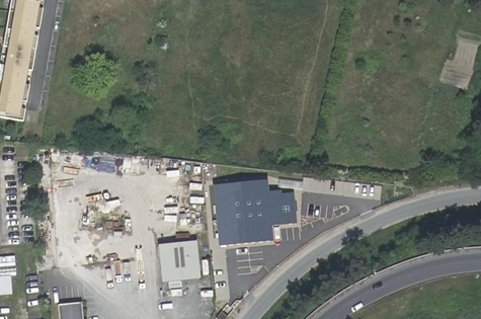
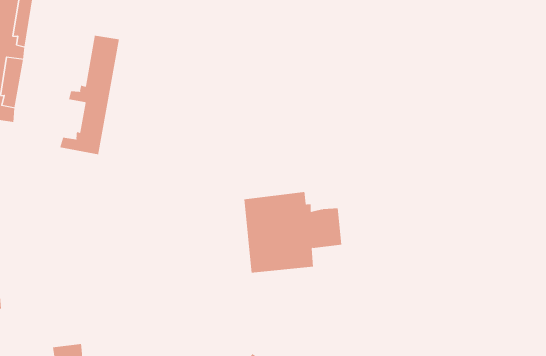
building: none -> [60,35,119,155]
building: [157,238,198,281] -> none

